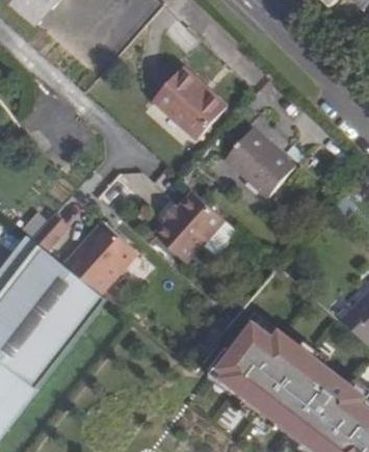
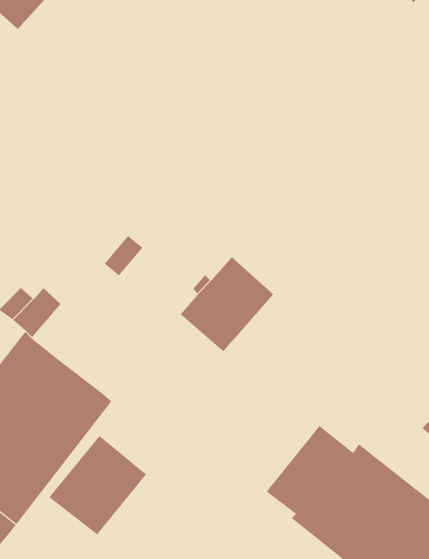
building: [152,68,225,139] -> none
building: [222,129,293,198] -> none
building: [61,220,134,294] -> [48,435,147,535]

